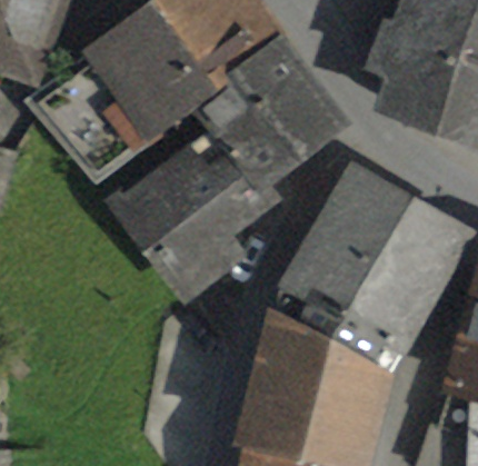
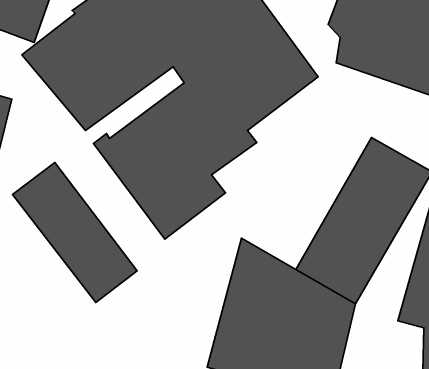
building: [268,159,411,338] -> none
building: none -> [12,163,137,303]

